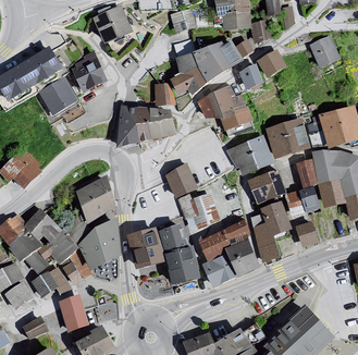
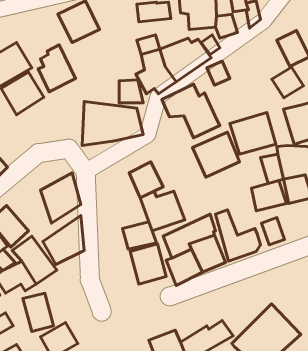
building: [257,50,288,81] -> [272,67,304,98]
building: [246,168,285,203] -> none
building: [259,203,291,238] -> none
building: [132,227,160,264] -> none

